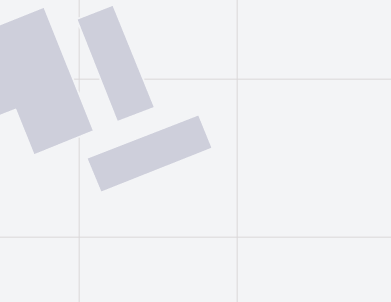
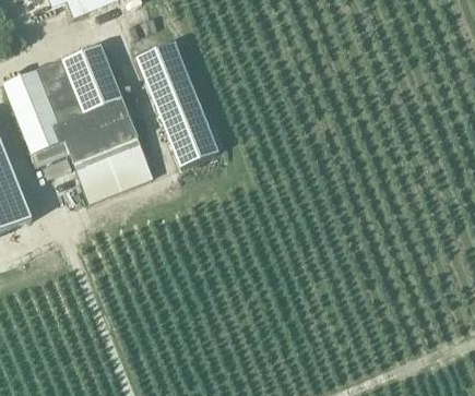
building: [86,114,213,193] -> none

